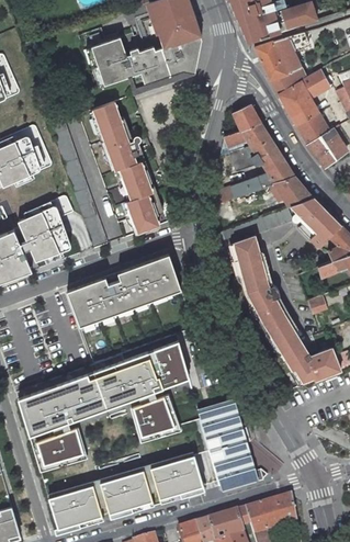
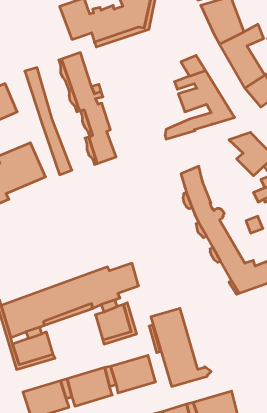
building: [268,177,313,203] -> none
building: [66,257,180,329] -> none

